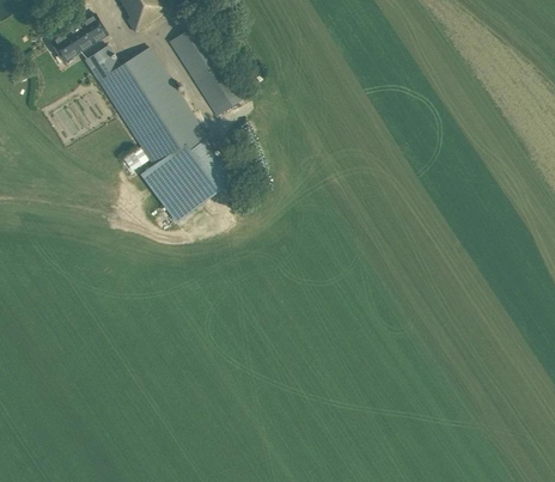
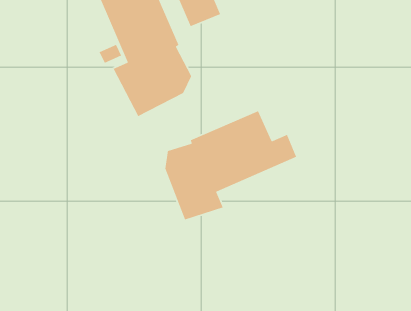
building: none -> [165,110,297,220]

